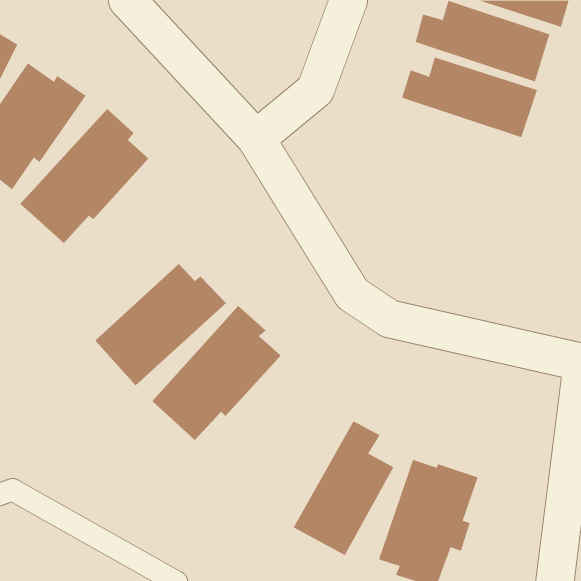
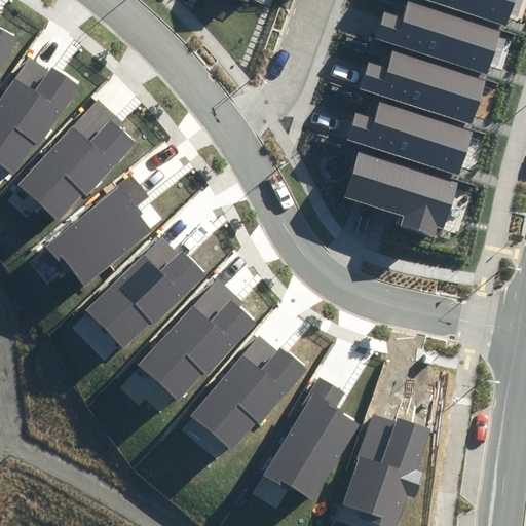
building: none -> [343,101,473,176]
building: none -> [344,154,456,238]
building: none -> [44,178,151,287]
building: none -> [190,337,304,453]

